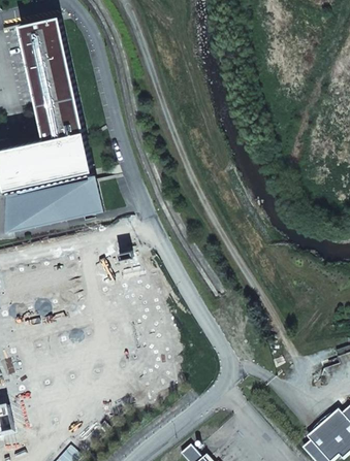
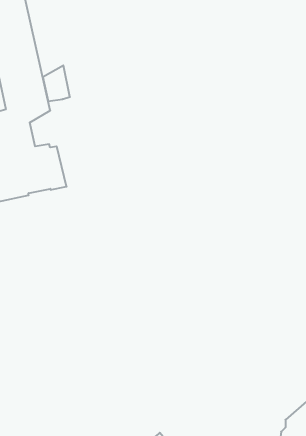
building: [63,139,89,173] -> [43,65,70,101]

